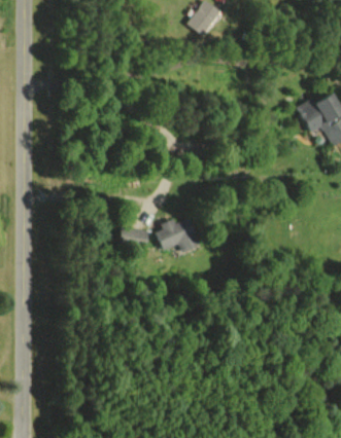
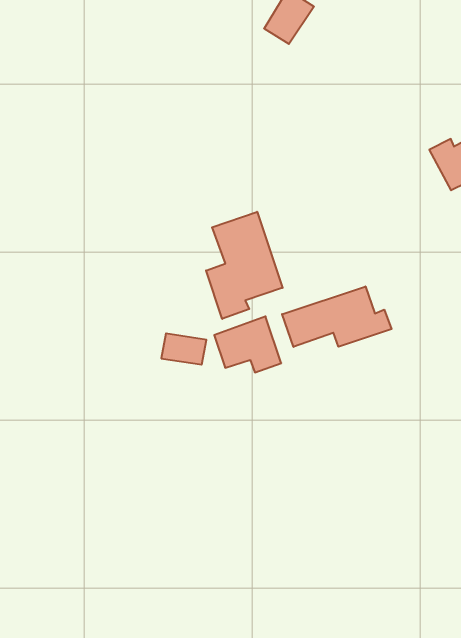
building: none -> [206,212,283,319]
building: none -> [282,286,392,347]

